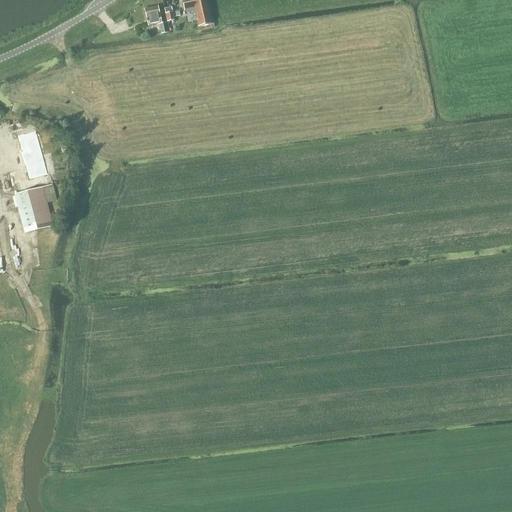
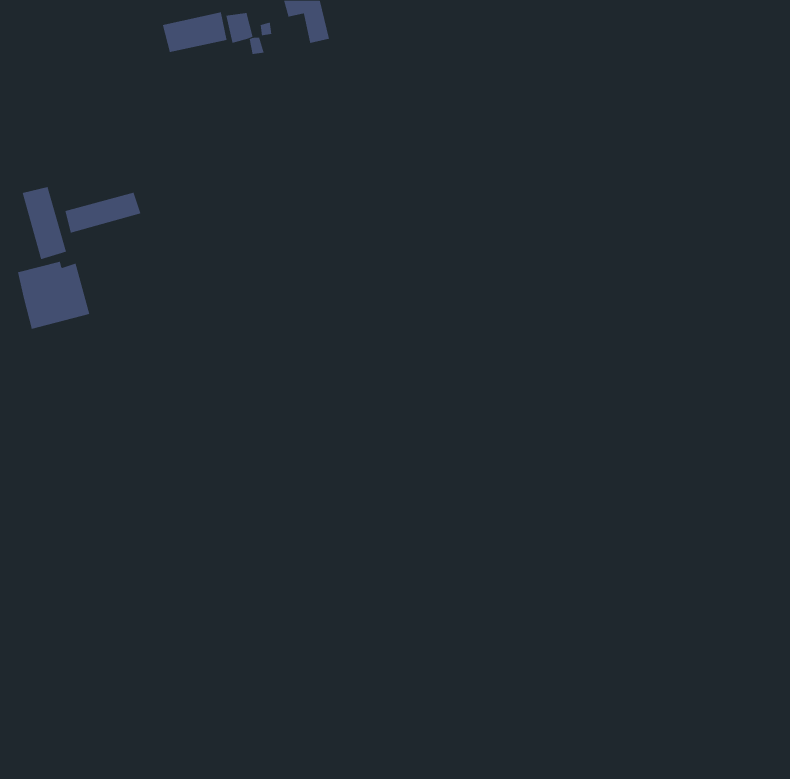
building: none -> [162,11,227,53]
building: none -> [65,192,141,233]

